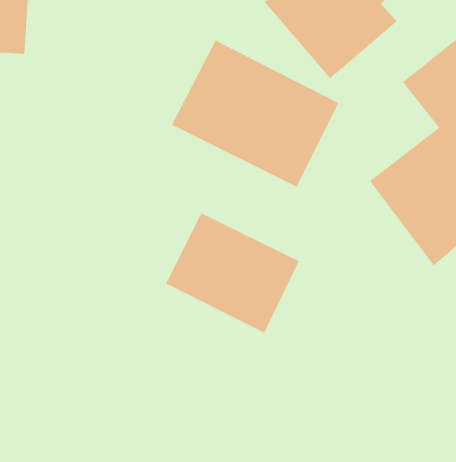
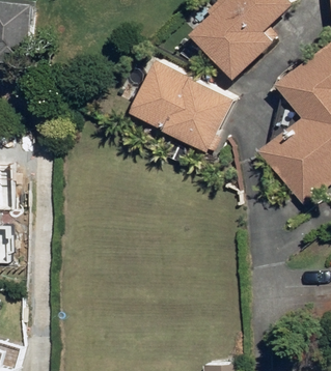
building: [166,212,300,333] -> none

